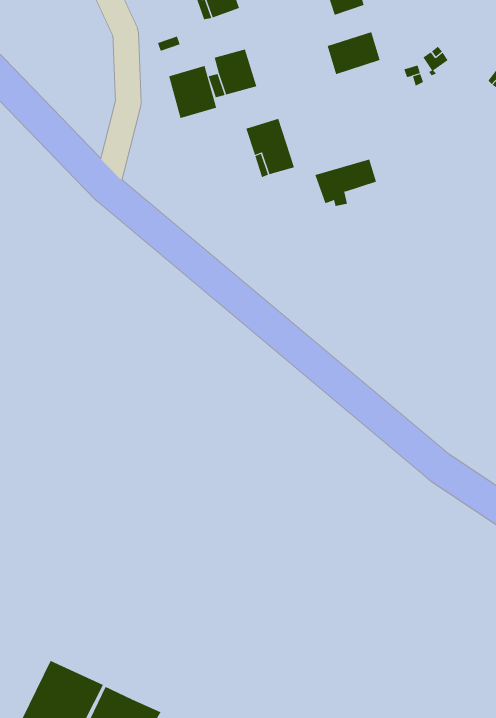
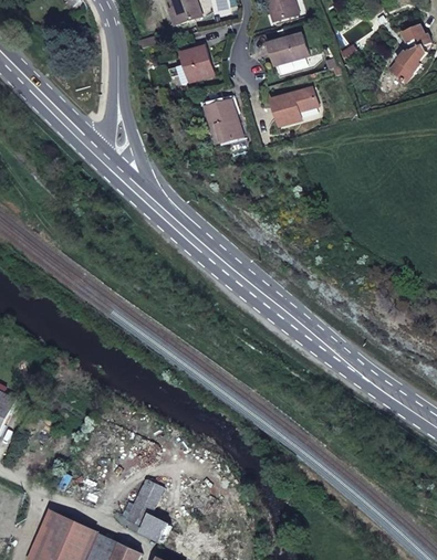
building: [168,65,217,119] -> none
building: [315,159,377,207] -> [270,87,318,124]
building: none -> [125,478,170,543]

